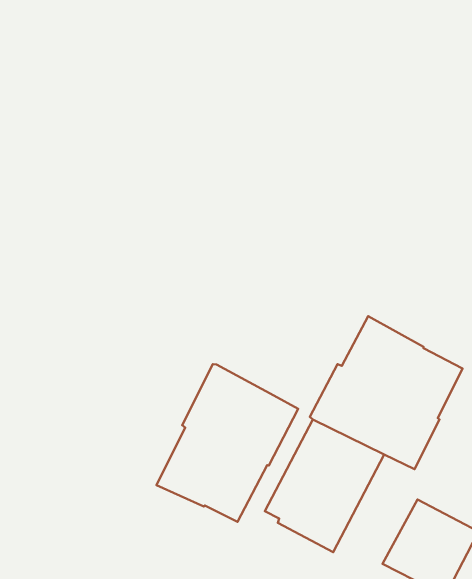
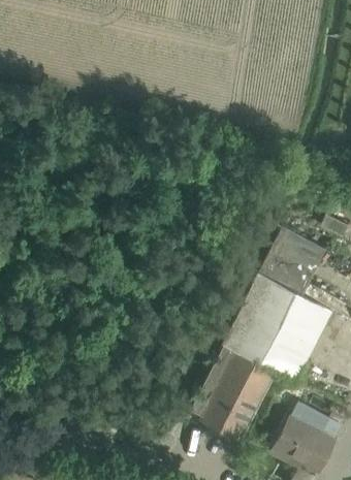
building: none -> [259,226,326,294]
building: [156,364,298,522] -> none

